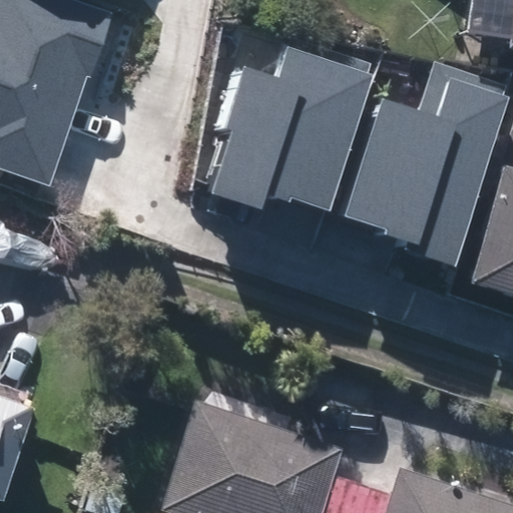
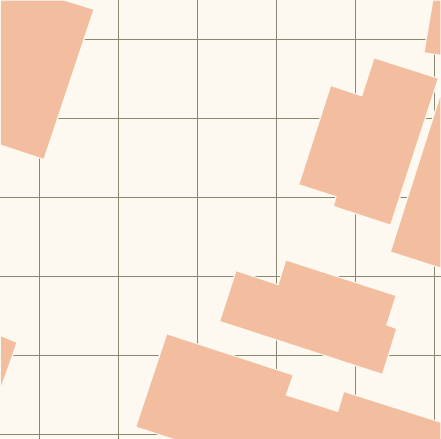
building: [213,49,375,211] -> none
building: none -> [219,260,397,374]

